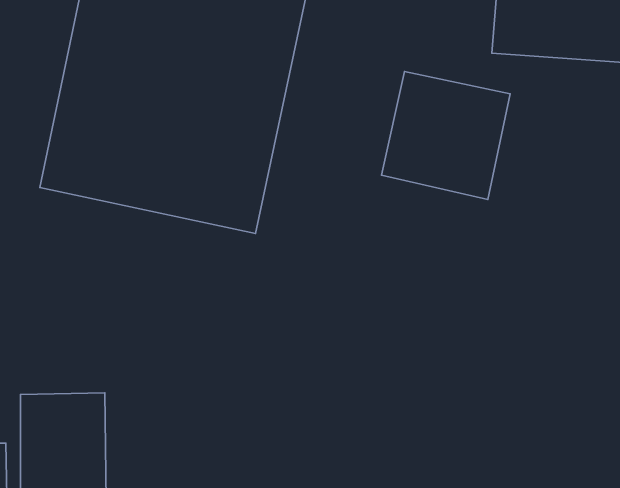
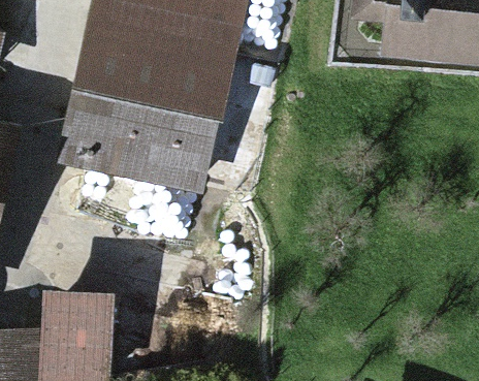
building: [381,71,510,199] -> none

